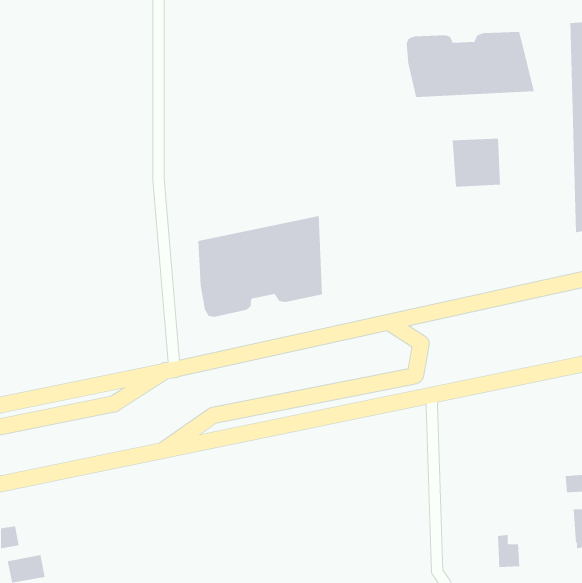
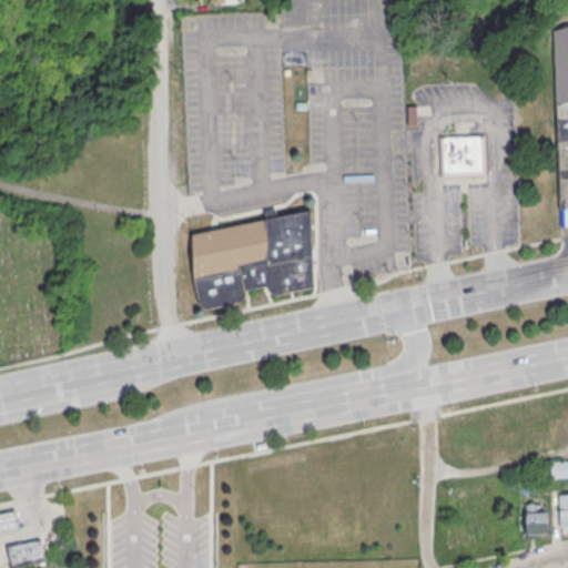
building: [406,31,534,98] -> none
building: [497,535,520,568] -> [525,504,547,536]

